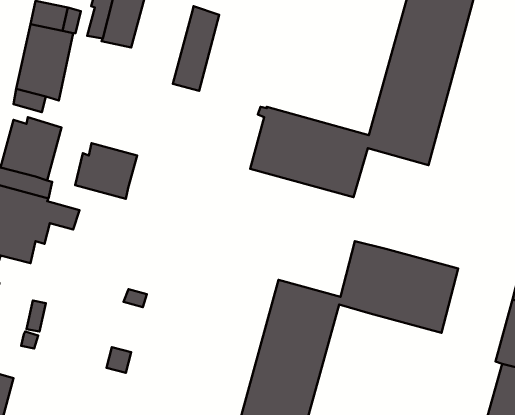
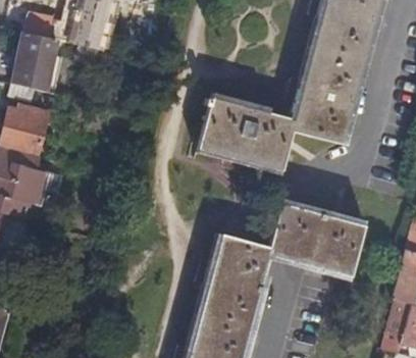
building: [173,6,219,91] -> none
building: [75,143,137,199] -> none

